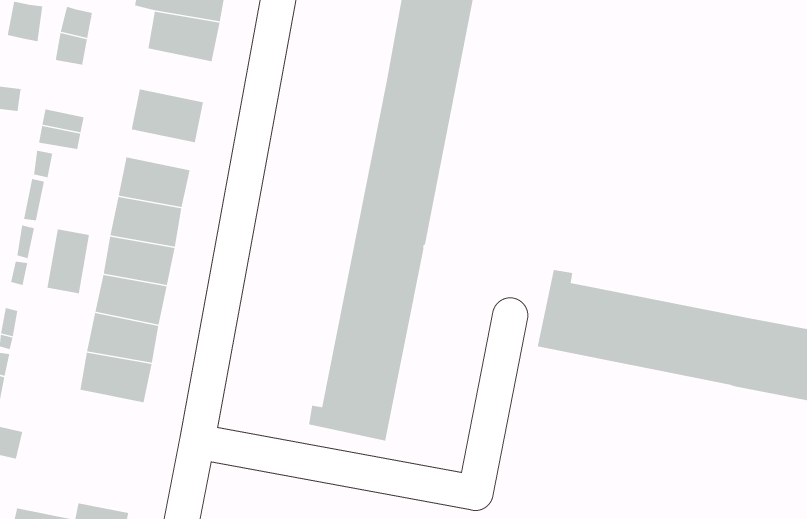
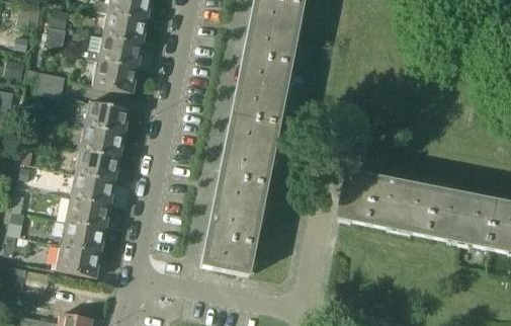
building: none -> [88,32,143,67]
building: [47,228,90,294] -> none
building: none -> [57,243,101,276]

